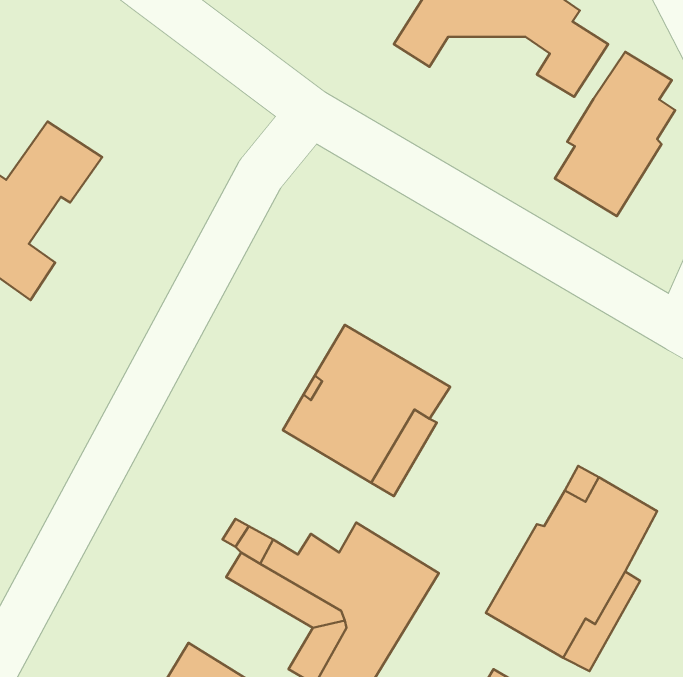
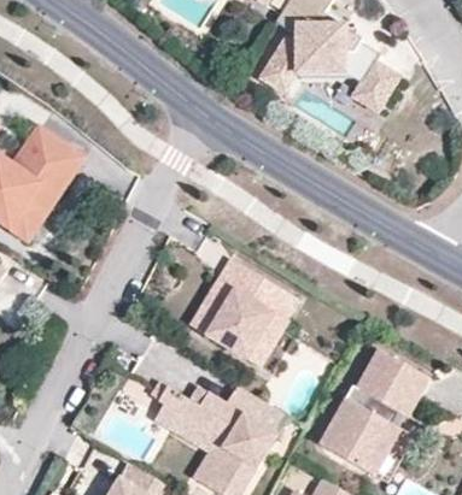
building: [555,52,675,216] -> none

